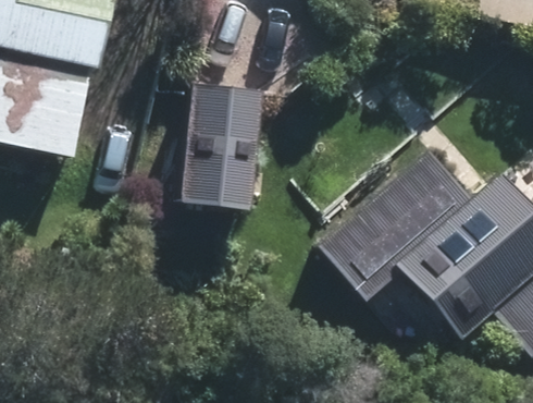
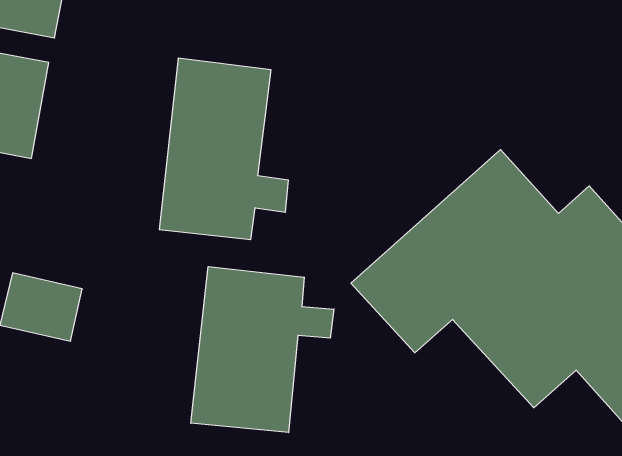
building: none -> [191,267,334,433]

